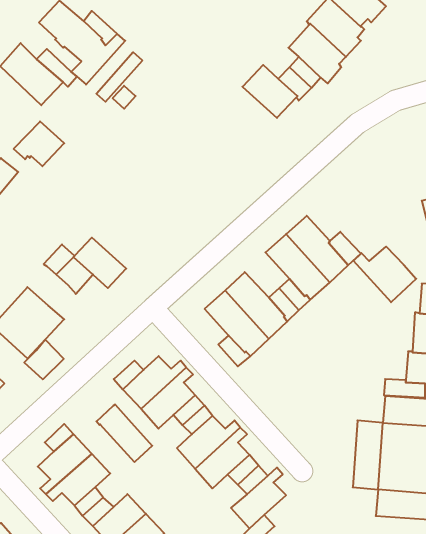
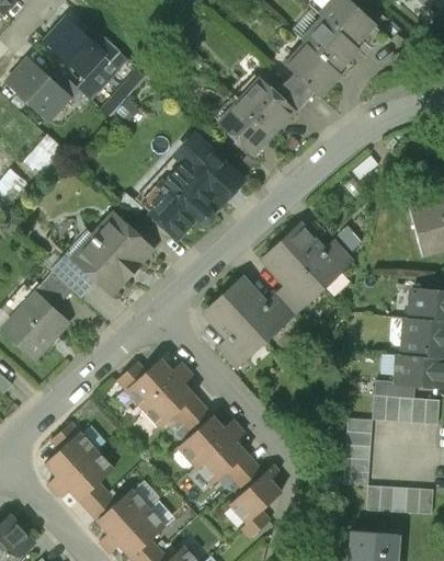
building: none -> [220,102,273,153]
building: none -> [153,136,242,237]
building: none -> [91,216,151,275]
building: [354,247,416,302] -> none
building: none -> [35,273,73,310]
building: [24,340,64,379] -> none
building: [96,404,152,462] -> none

